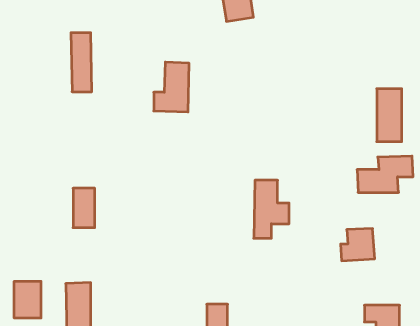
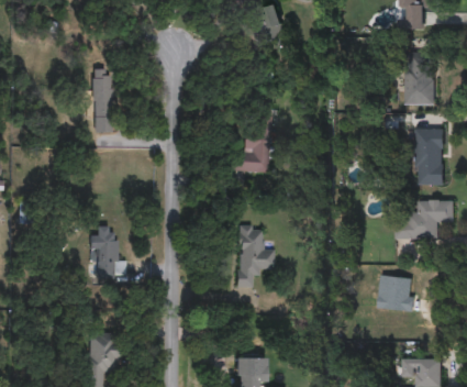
building: none -> [407,55,433,100]
building: [154,62,189,112] -> [233,120,270,173]
building: [254,180,289,238] -> [237,225,275,287]
building: [14,281,41,318] -> none

